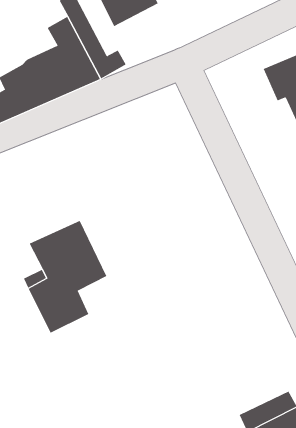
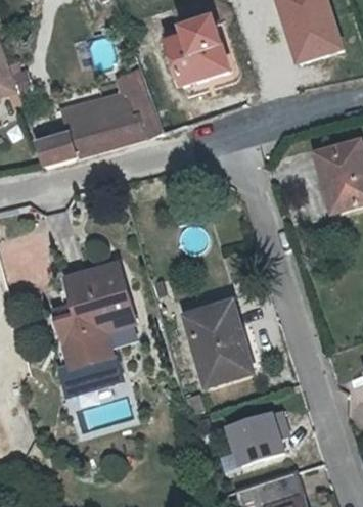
building: none -> [190,305,255,385]
building: none -> [229,409,291,462]

